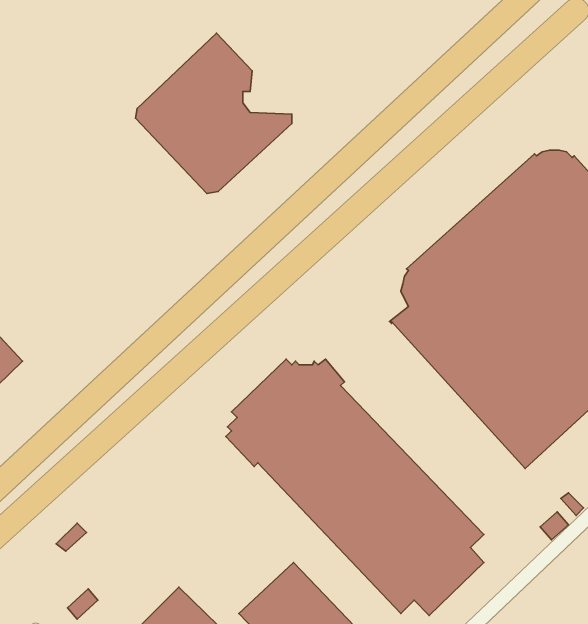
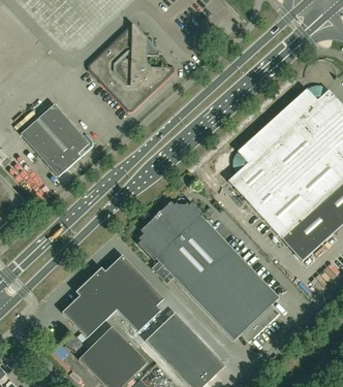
building: none -> [21,103,95,175]
building: none -> [62,255,163,337]

